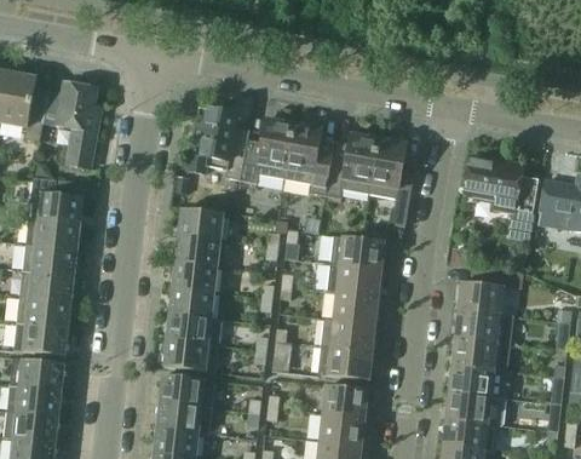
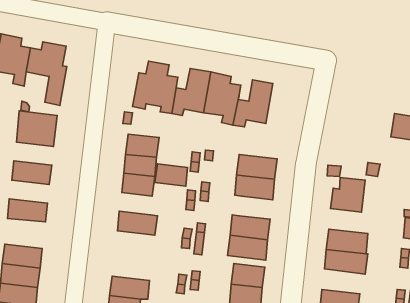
building: [369,139,414,228] -> none
building: [464,156,539,241] -> none
building: [25,219,80,251] -> none
building: [19,271,74,303] -> none
building: [169,288,214,319] -> [155,164,188,186]
building: [333,293,379,325] -> none
building: [455,310,512,344] -> none
building: [13,323,69,356] -> none
building: [163,340,218,373] -> none
building: [160,375,214,408] -> none
building: [445,392,505,426] -> none

